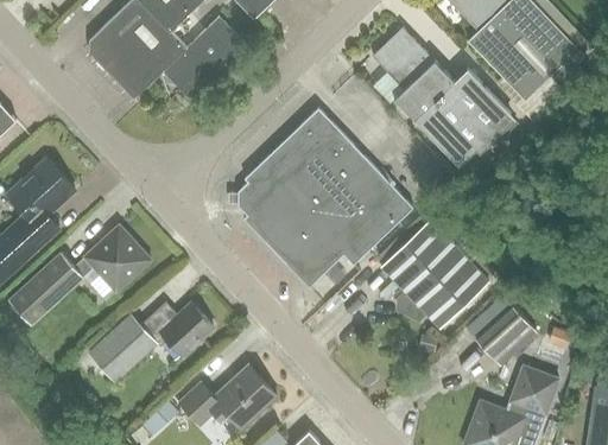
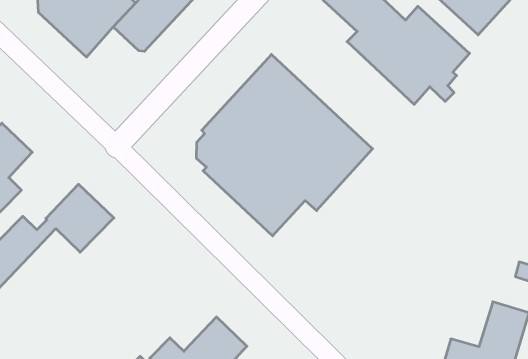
building: [381,218,489,326] -> none
building: [78,301,214,381] -> none
building: [477,305,537,363] -> none

